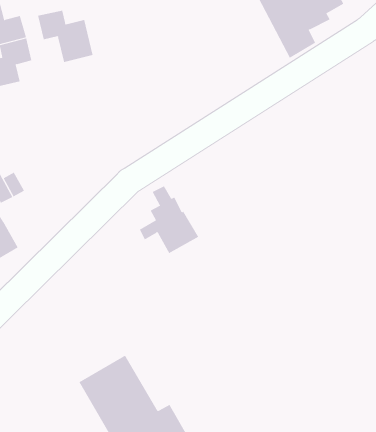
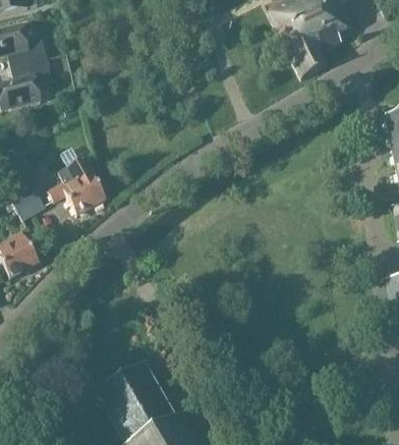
building: [37,10,93,63] -> none
building: [139,185,199,254] -> [48,149,106,215]

